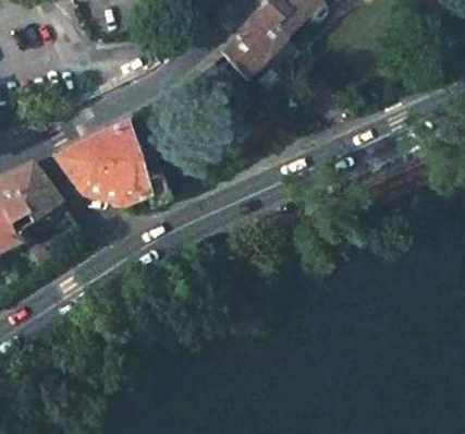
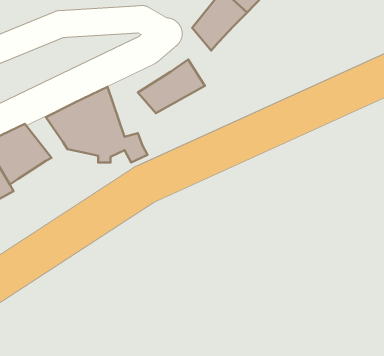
building: none -> [138,60,205,113]

